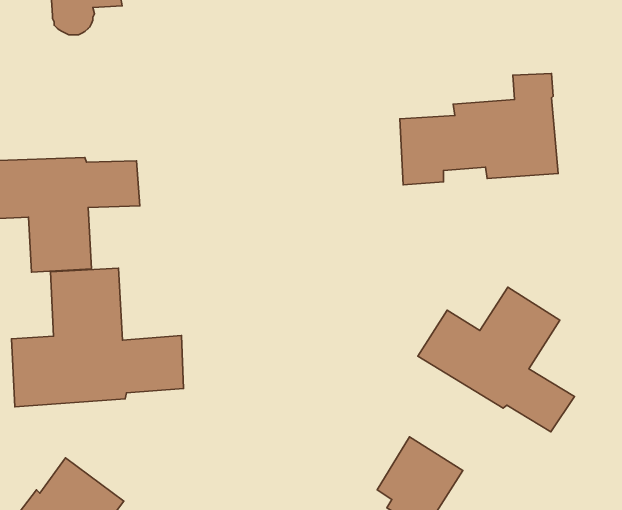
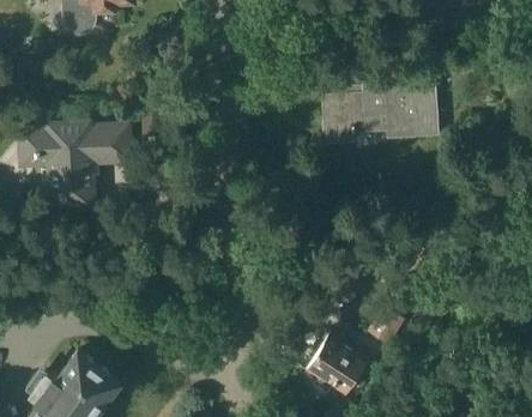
building: [11,268,183,407] -> none
building: [418,287,574,432] -> none

